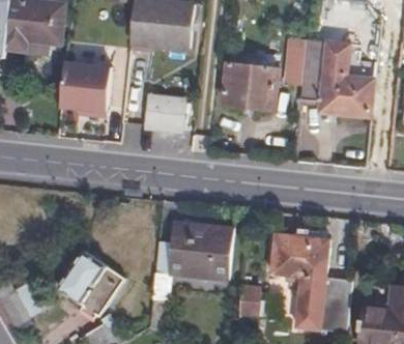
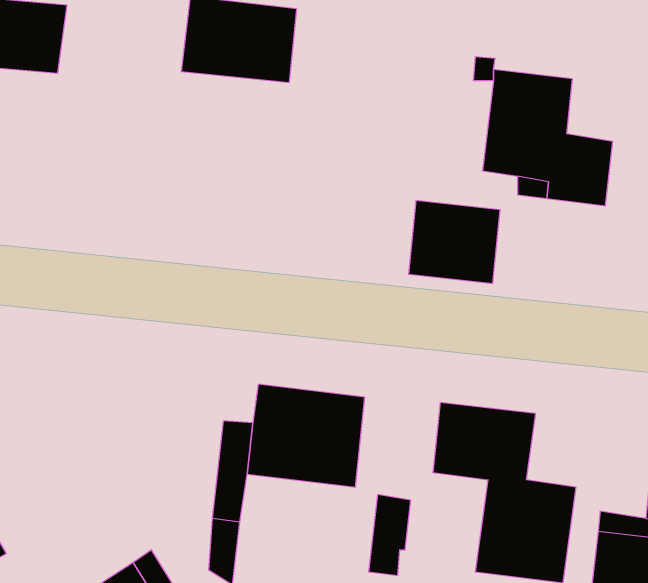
building: [64,60,115,115] -> none
building: [225,64,277,111] -> [408,201,500,283]
building: [148,103,185,132] -> none
building: [56,249,121,311] -> none

